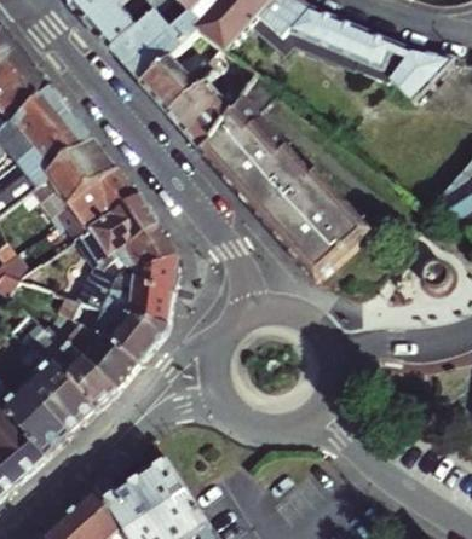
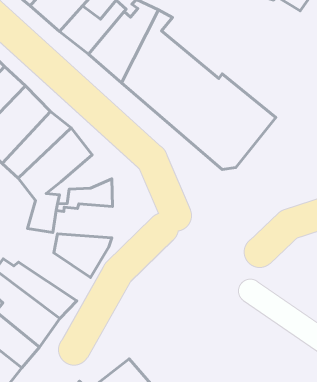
building: [116,226,174,263] -> none
building: [99,279,171,323] -> none
building: [56,325,134,388] -> none

